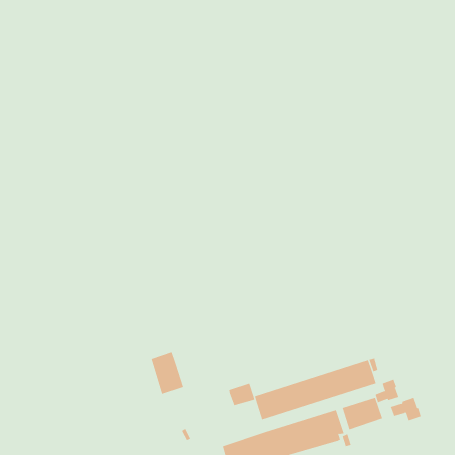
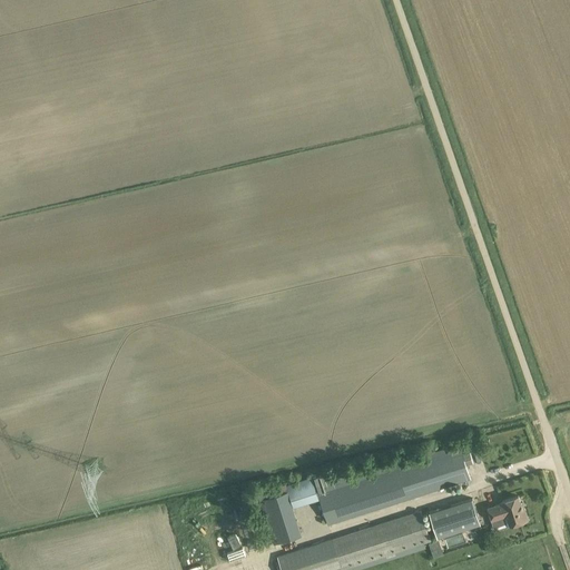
building: [151,352,184,394] -> [259,492,301,546]
building: [375,379,399,403] -> none

